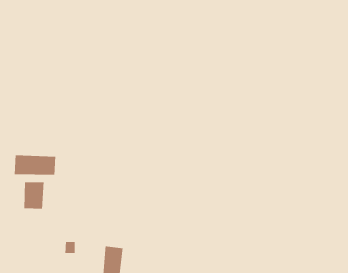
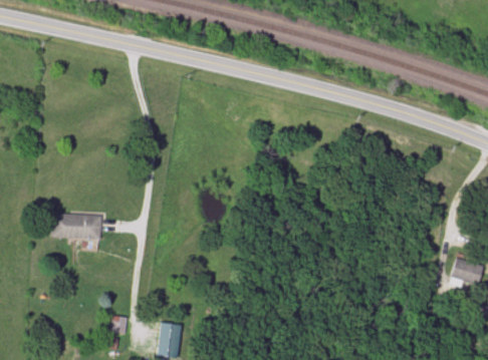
building: [24,181,44,210] -> none

